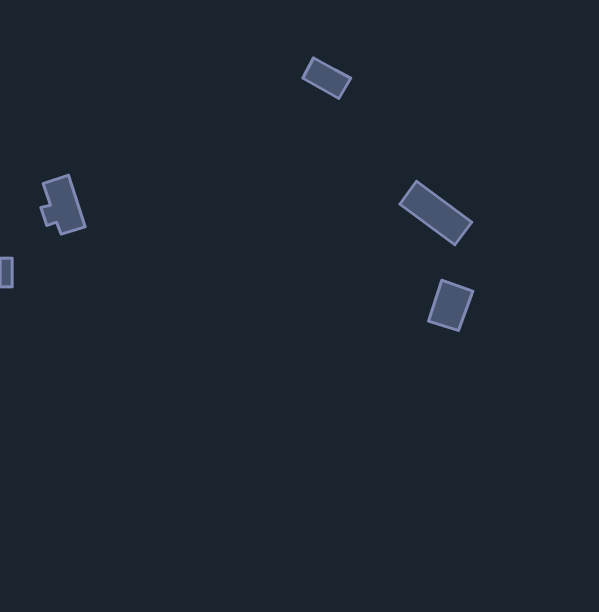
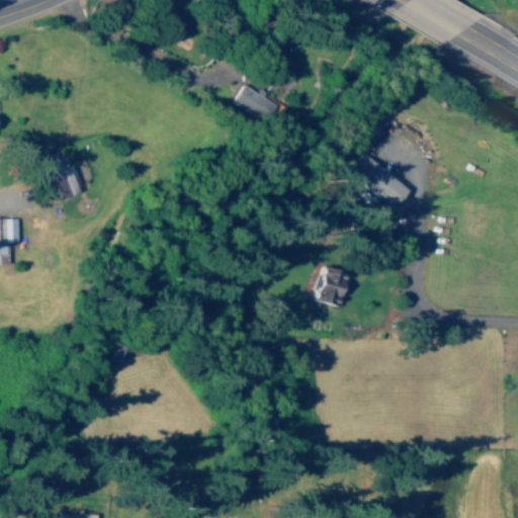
building: [303,58,351,99] -> [237,85,277,119]
building: [429,280,473,331] -> [315,265,352,308]

